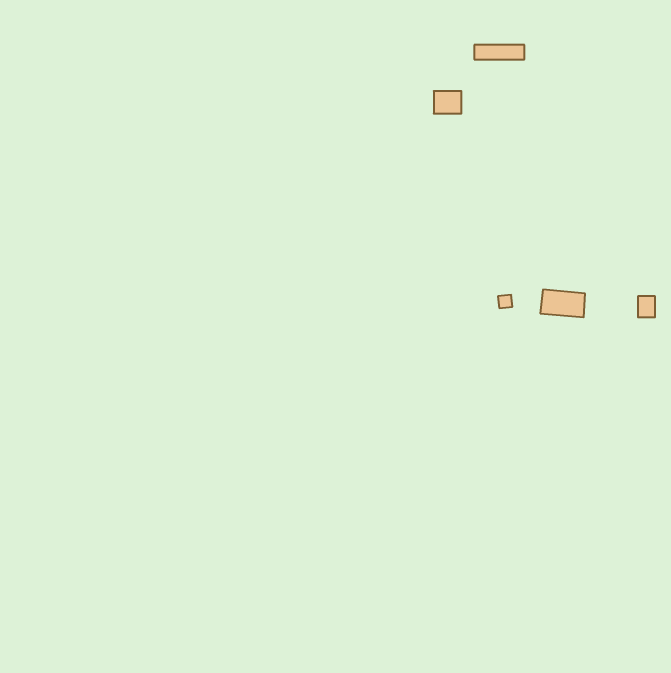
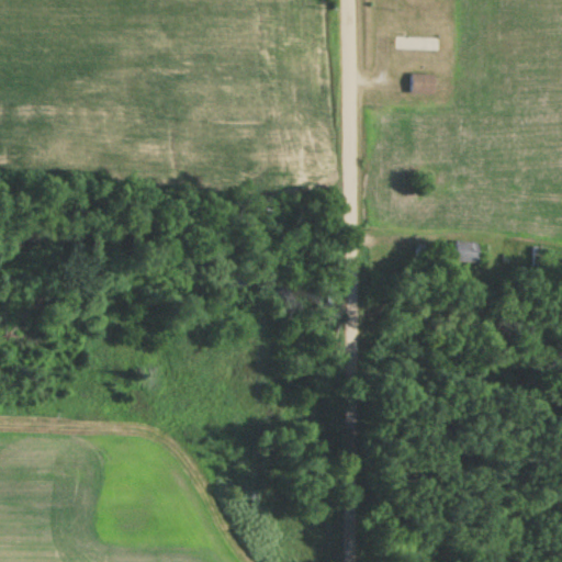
building: [434,91,461,114] -> [412,75,435,93]

